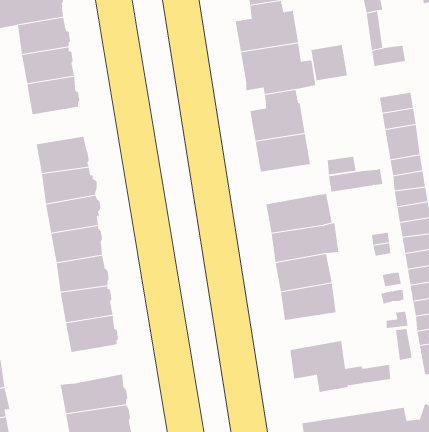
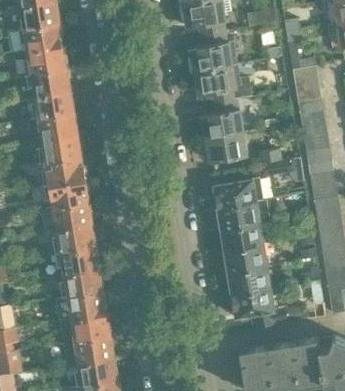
building: [311,45,348,81] -> [294,80,322,107]
building: none -> [38,114,77,142]
building: none -> [227,268,270,296]
building: none -> [56,292,106,322]

